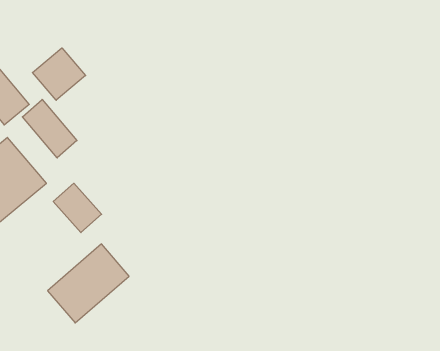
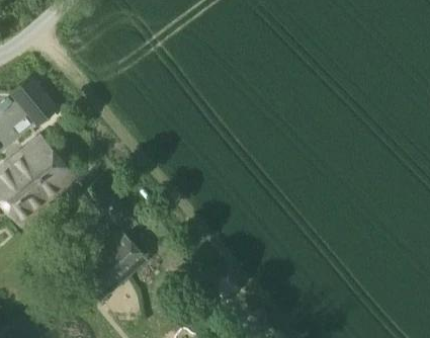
building: [32,48,86,100] -> none
building: [22,99,77,158] -> none

